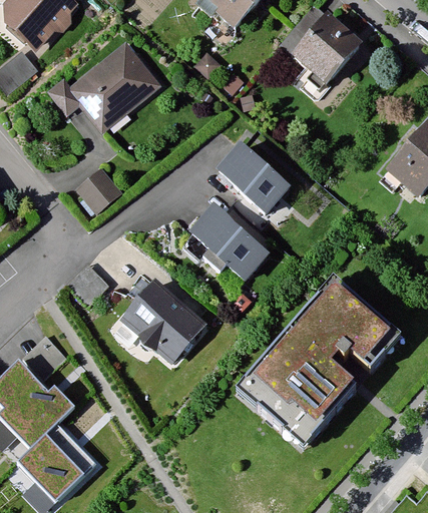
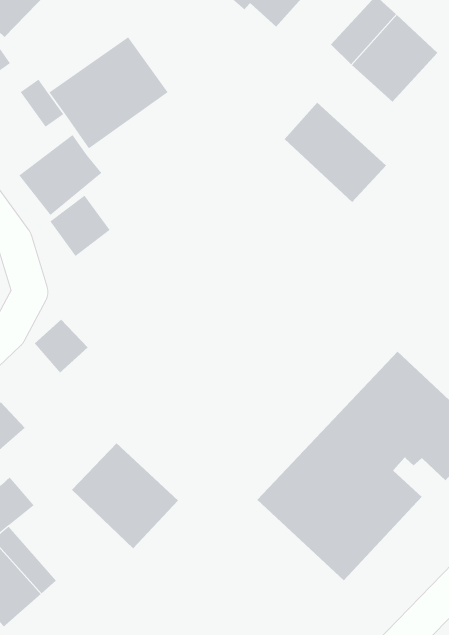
building: none -> [18,134,102,216]
building: [215,142,295,218] -> [284,102,387,203]
building: [187,202,265,278] -> none
building: [121,280,204,361] -> [71,443,179,549]

